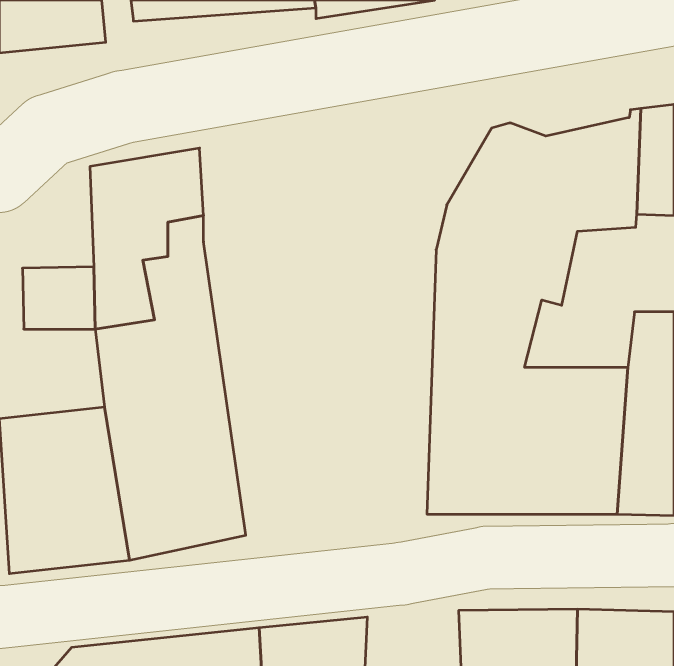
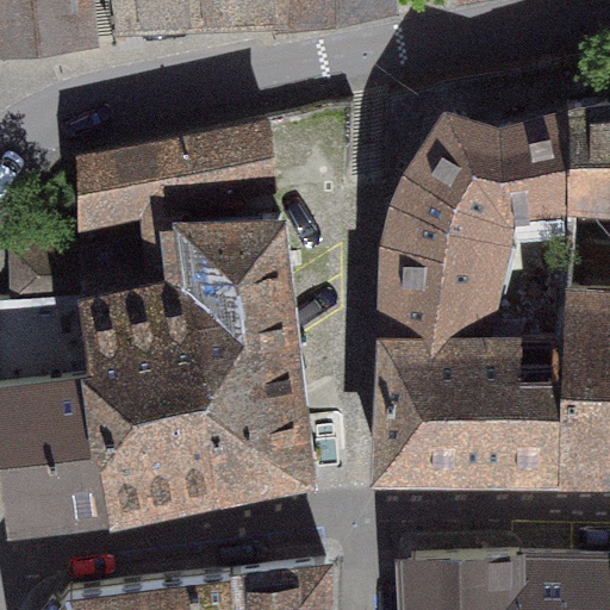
building: none -> [180,124,275,203]
building: none -> [183,220,310,491]

